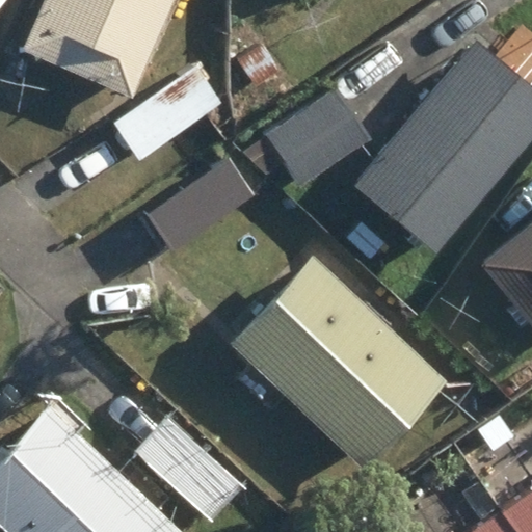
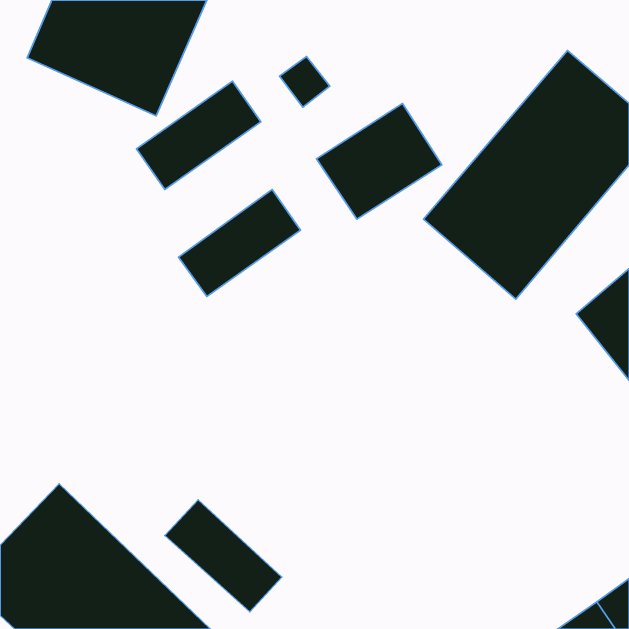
building: [233,258,445,468] -> none

